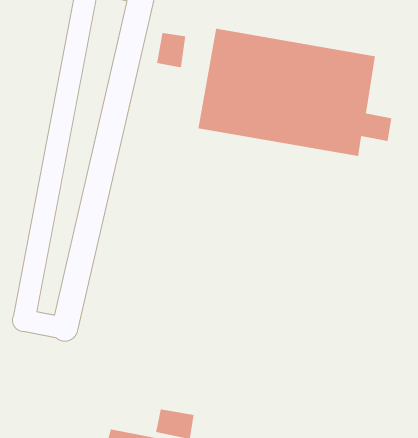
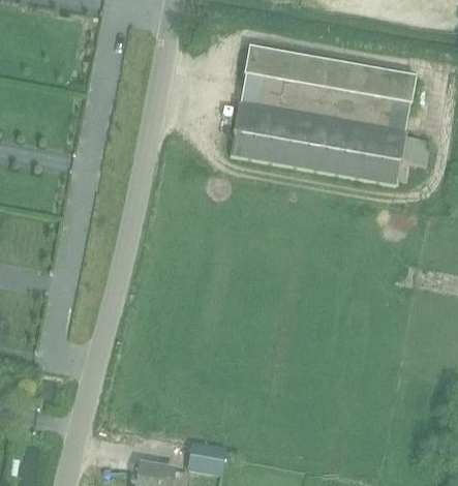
building: [156,32,186,68] -> none

